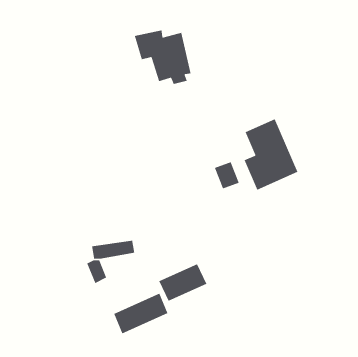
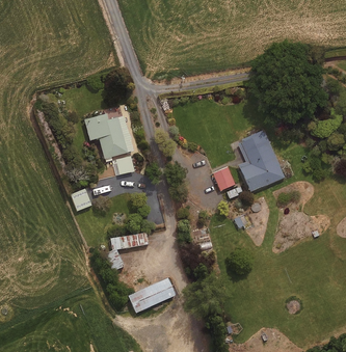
building: [134,29,191,85] -> [83,114,132,161]
building: [158,263,208,302] -> none

